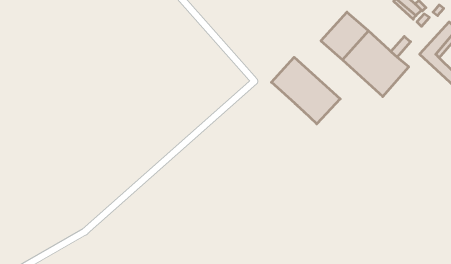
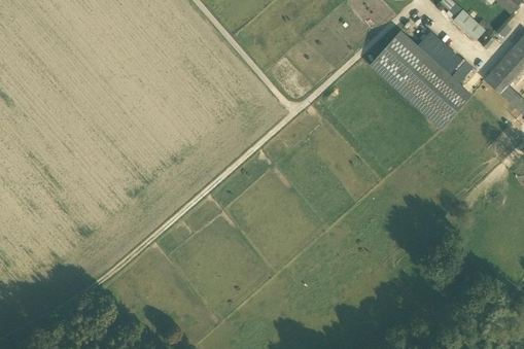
building: none -> [417,31,463,75]
building: [271,57,340,124] -> none

